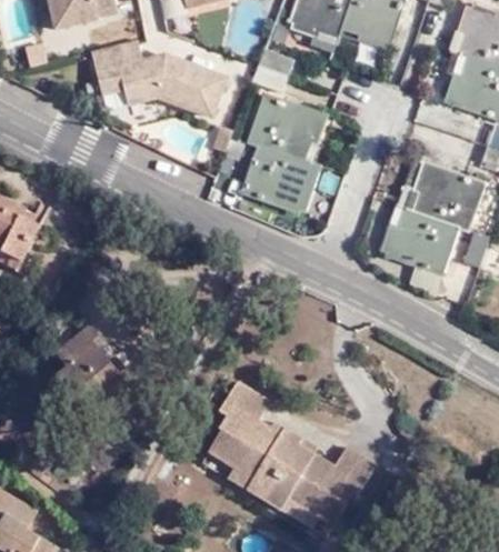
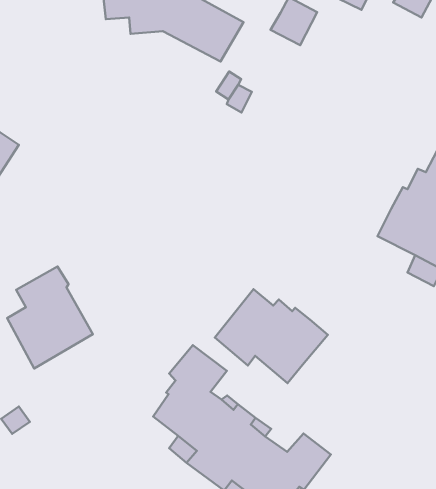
building: [244,93,327,212] -> none
building: none -> [215,289,328,383]

